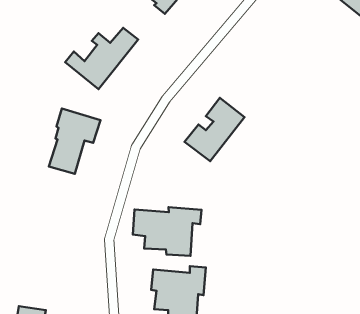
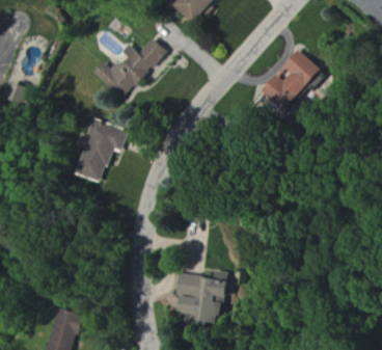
building: [184,98,245,161] -> [262,49,320,110]
building: [133,207,201,256] -> none

